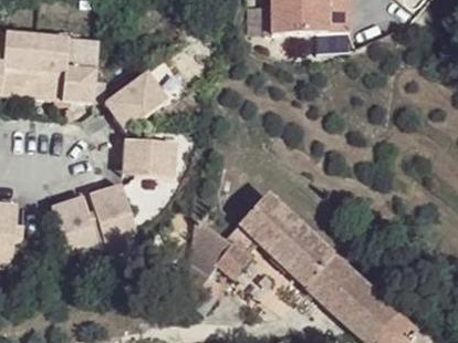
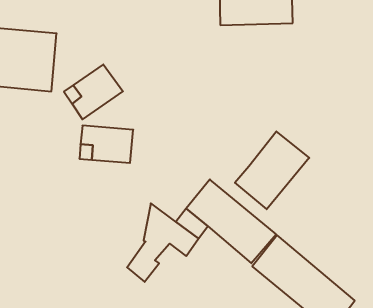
building: none -> [235,131,309,209]
building: [91,184,136,252] -> none
building: [52,195,101,261] -> none

